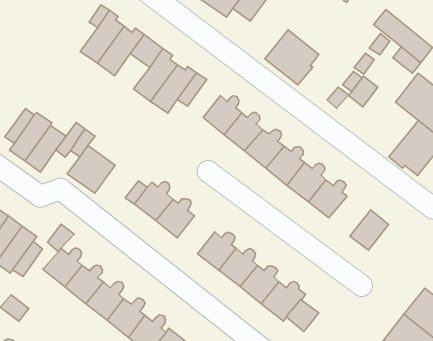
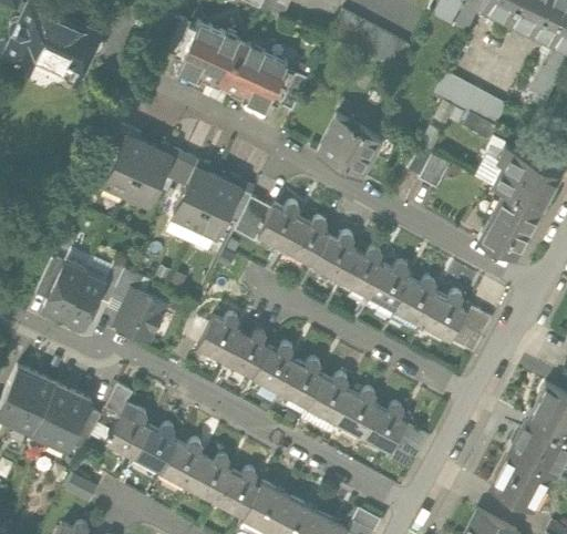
building: none -> [235,195,271,242]
building: none -> [422,294,468,339]
building: none -> [252,343,295,390]

